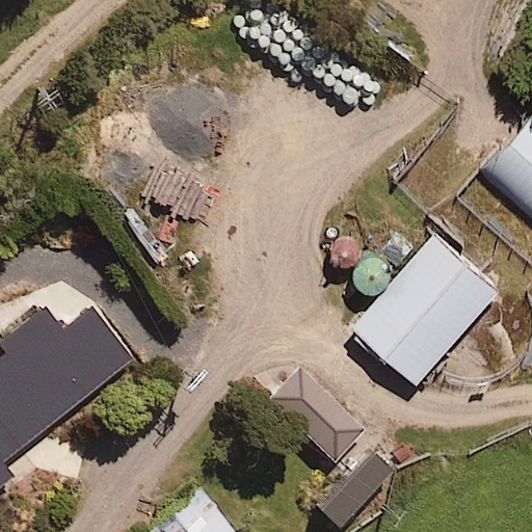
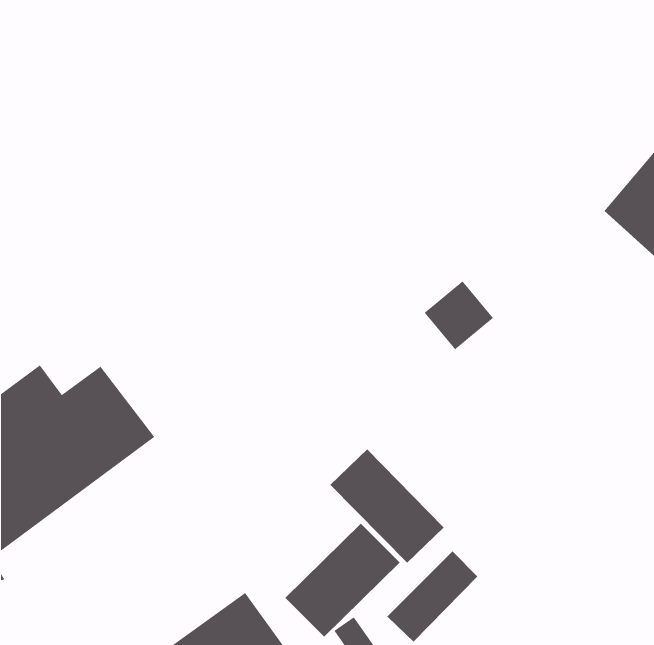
building: [355,233,501,380] -> none
building: none -> [284,523,400,638]

